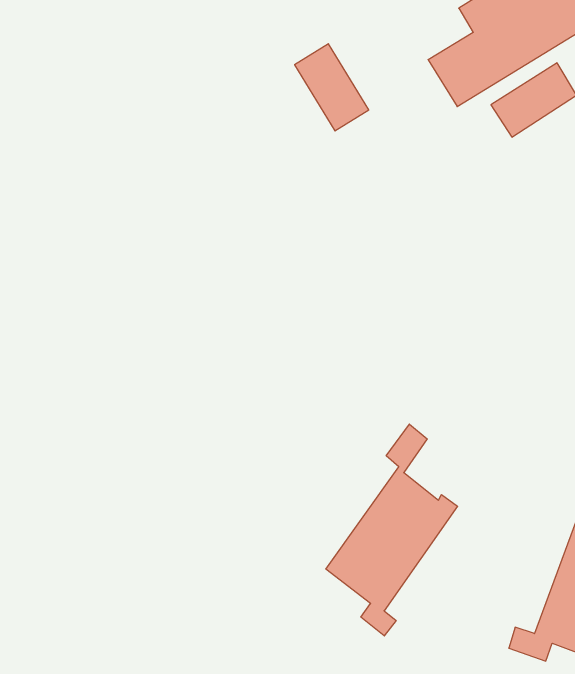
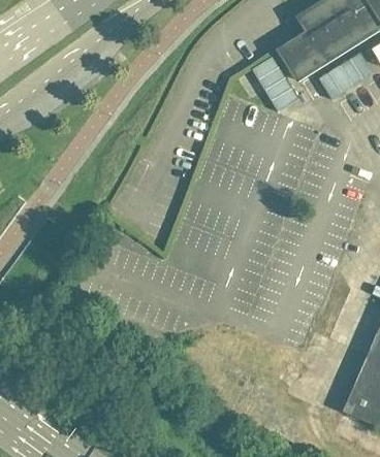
building: [295,44,369,131] -> [251,54,298,109]
building: [326,424,458,636] -> none

